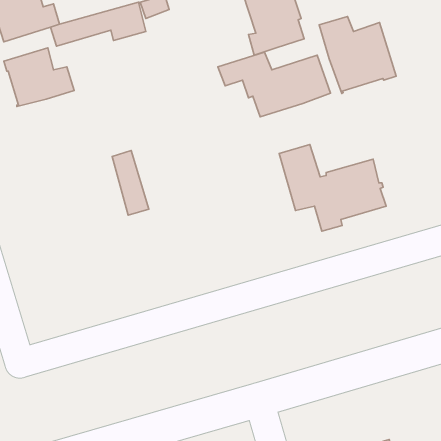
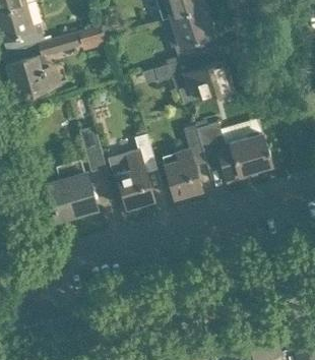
building: [319,16,396,94] -> none
building: none -> [165,127,209,200]
building: none -> [108,137,158,215]
building: none -> [46,163,96,223]

